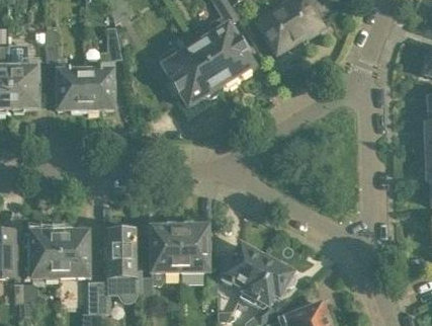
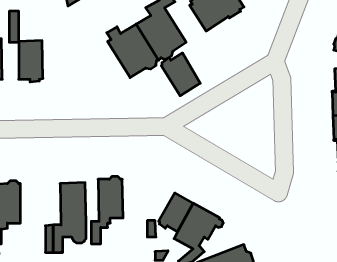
building: [84,26,121,111] -> none
building: none -> [161,53,200,96]
building: [178,223,207,271] -> none
building: [59,228,88,277] -> none

